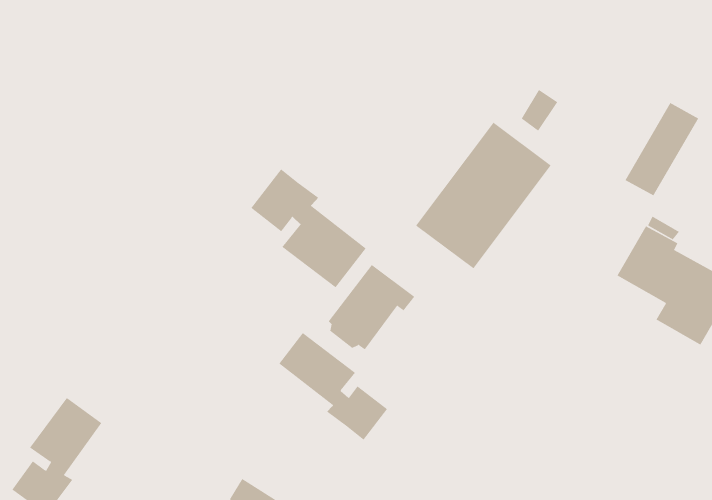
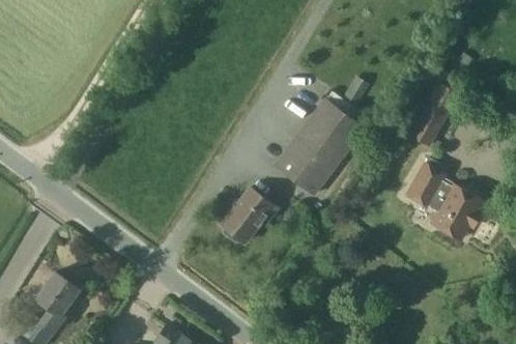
building: [250,168,366,288] -> none
building: [279,332,388,440] -> none

